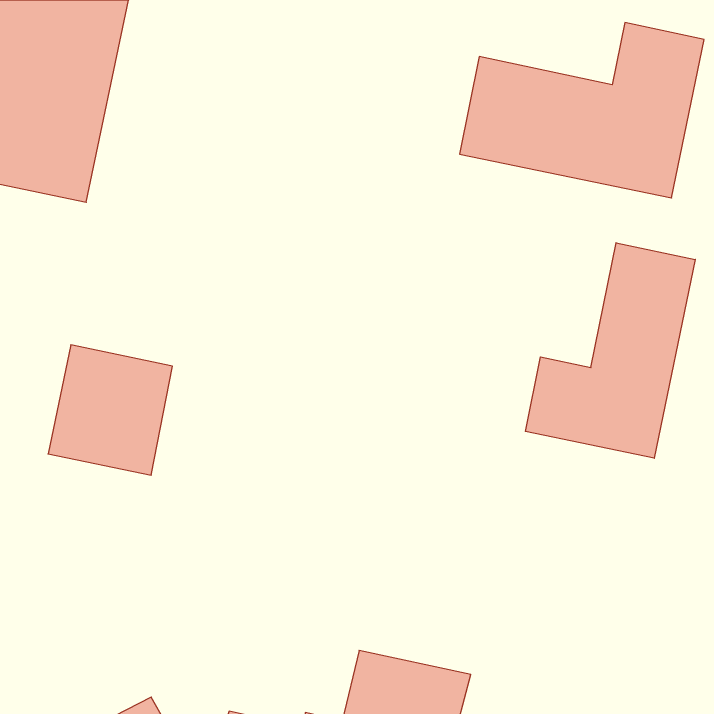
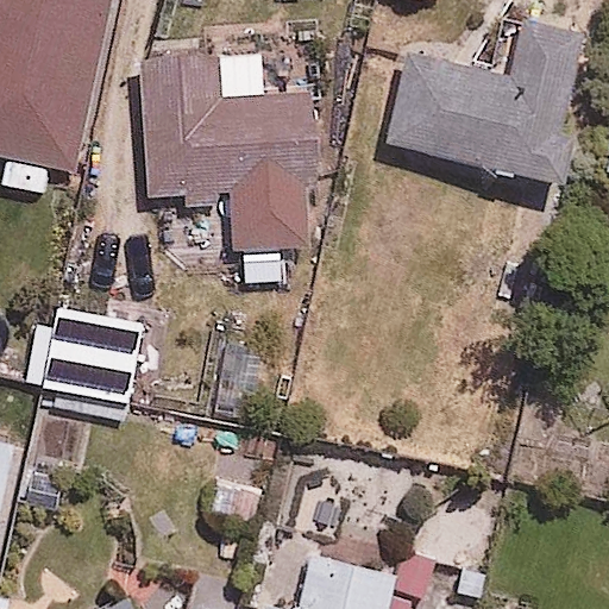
building: none -> [134,48,318,258]
building: [525,243,695,458] -> none

